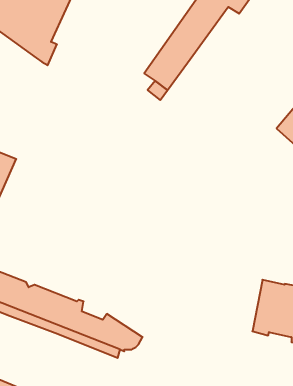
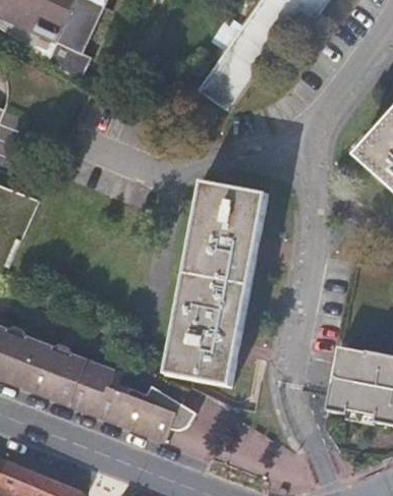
building: none -> [165,181,267,385]

